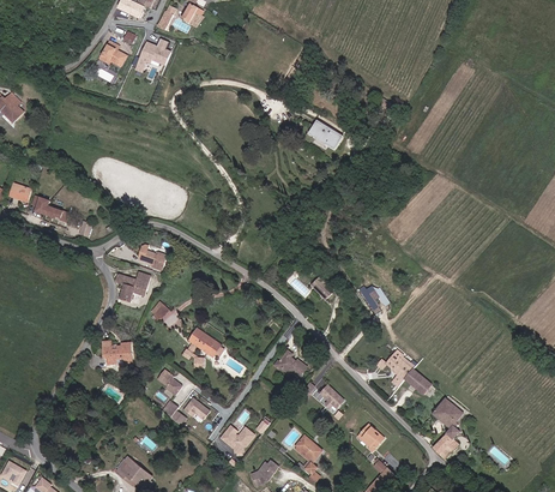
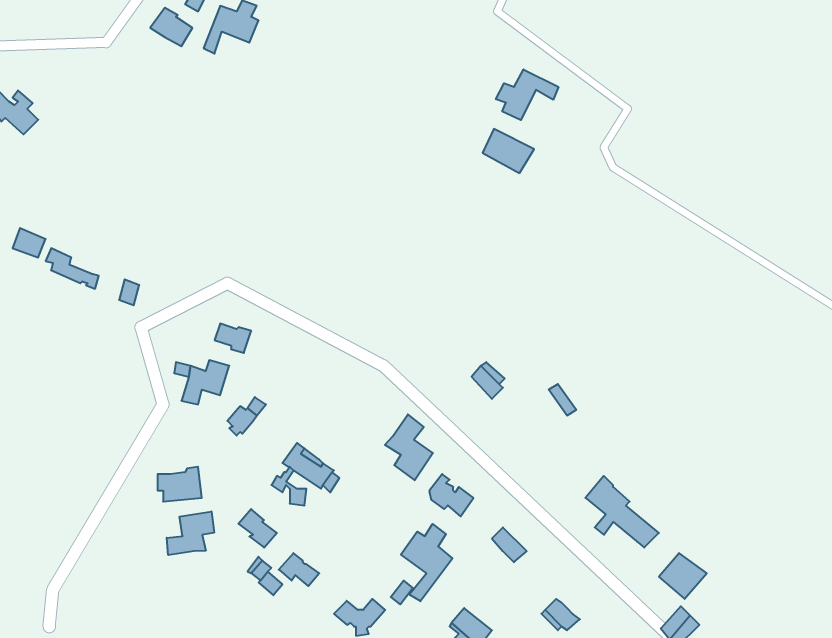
building: none -> [496,69,558,120]
building: none -> [385,414,433,480]
building: none -> [167,511,214,555]
building: none -> [401,524,452,601]

